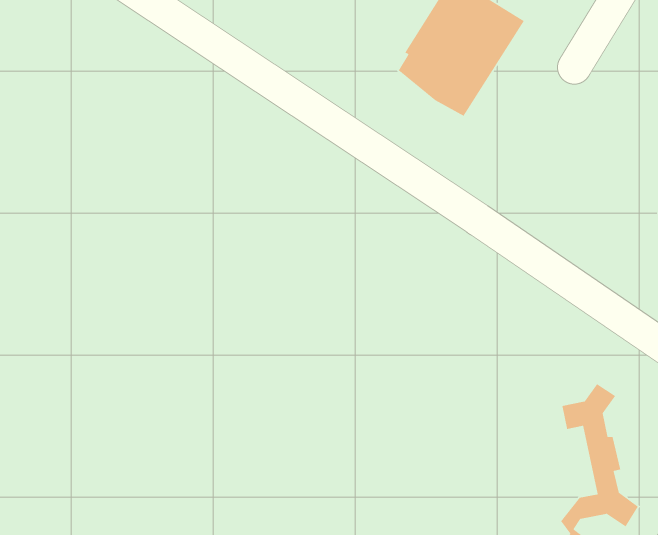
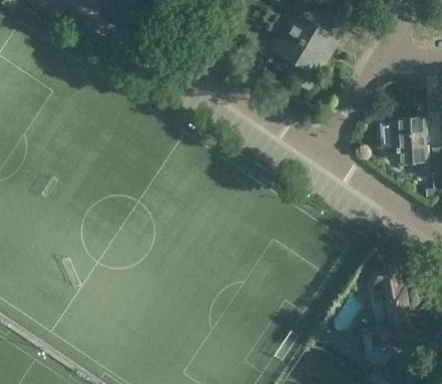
building: none -> [393,113,427,157]

